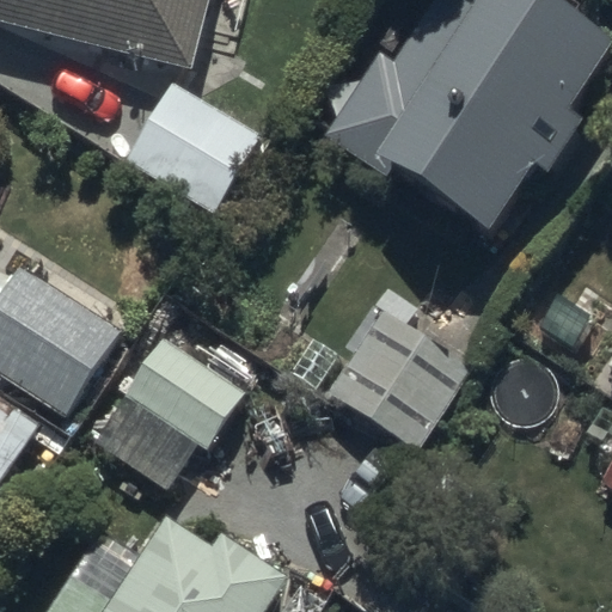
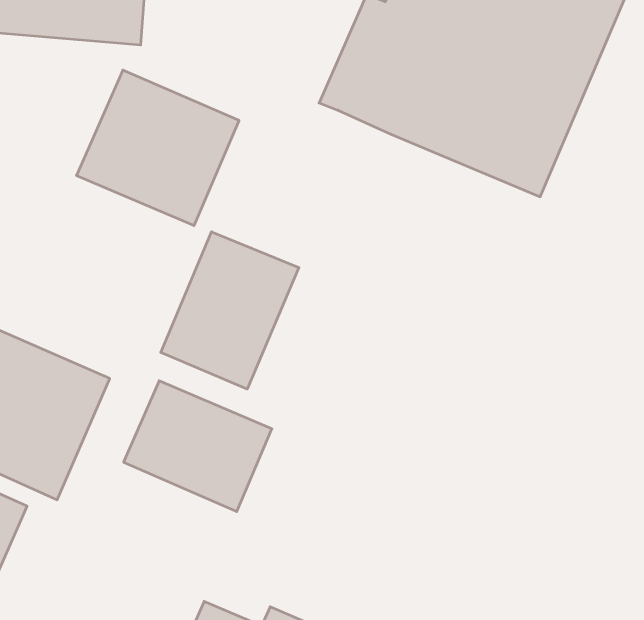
building: none -> [161,232,299,389]
building: [325,312,466,451] -> none

